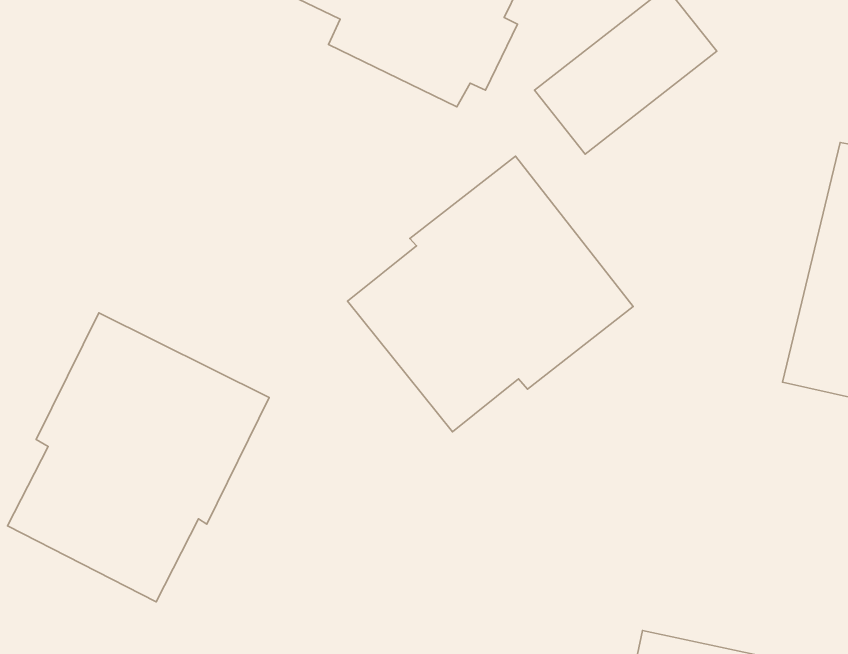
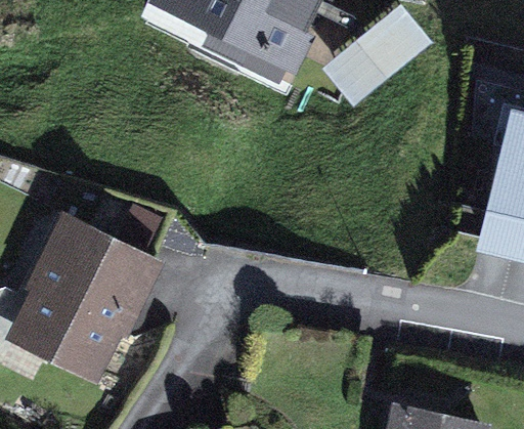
building: [348,156,633,432] -> none

